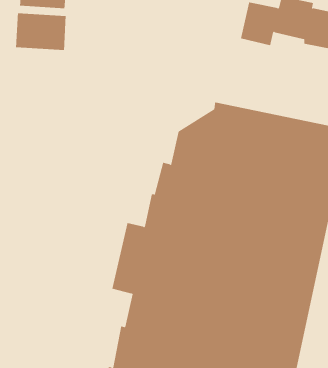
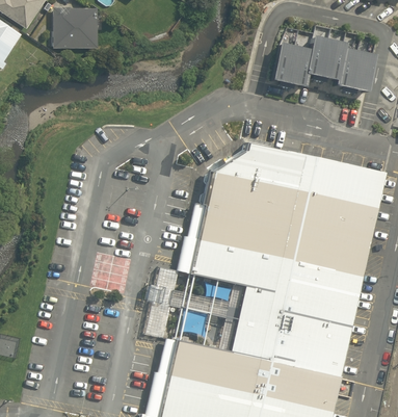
building: [16,12,66,51] -> none

